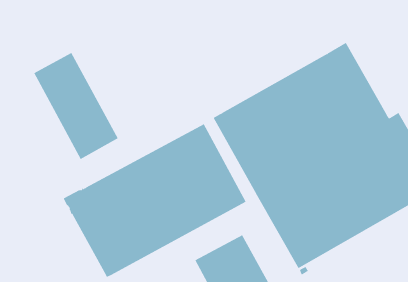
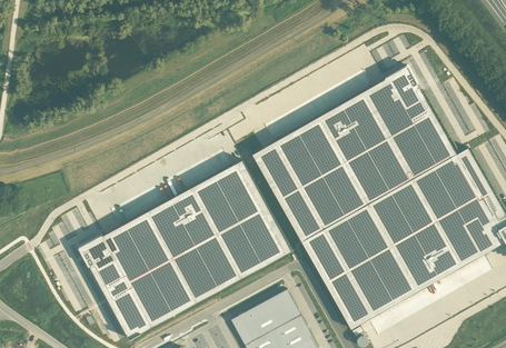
building: [33,52,119,160] -> none

